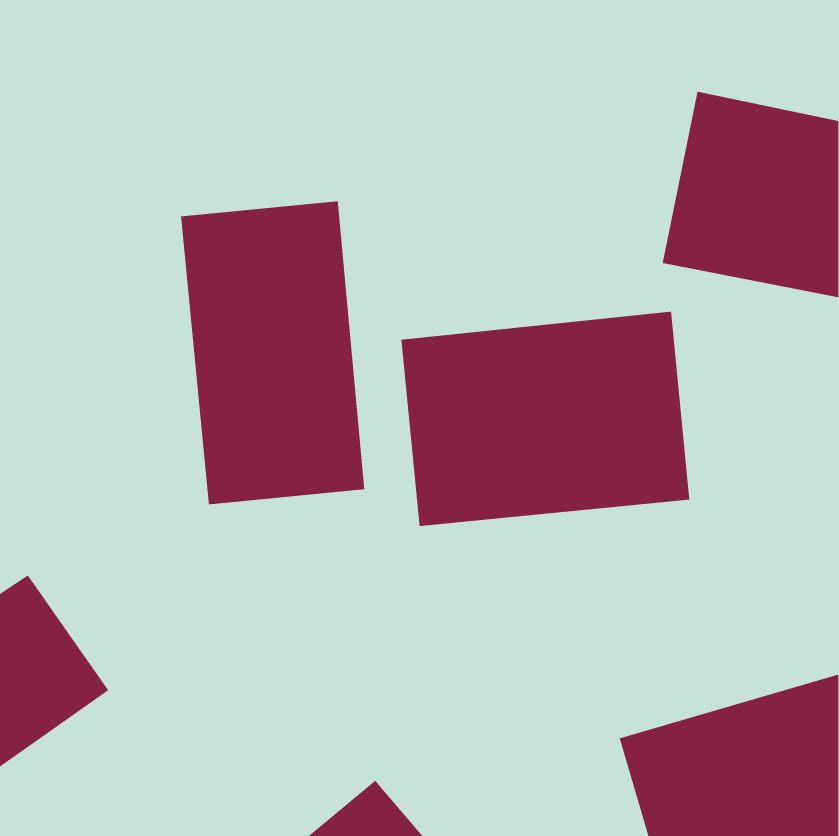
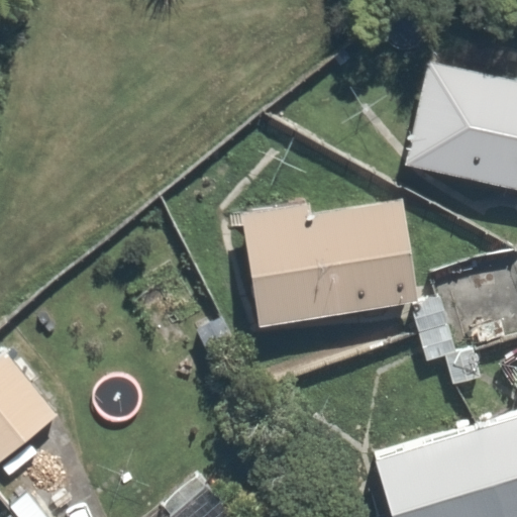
building: [180,200,365,505] -> none

